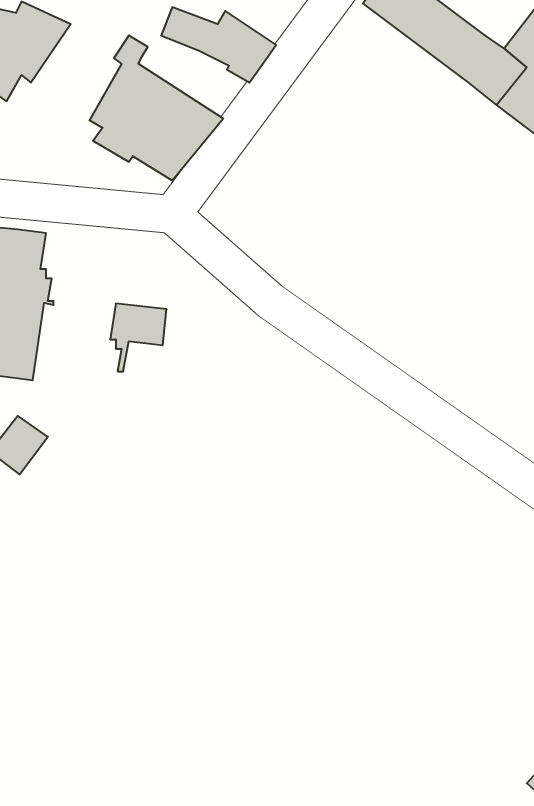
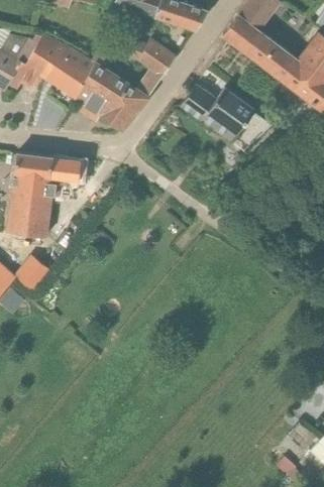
building: none -> [44,46,93,98]
building: none -> [180,88,271,146]
building: [110,304,167,371] -> [49,158,80,195]

